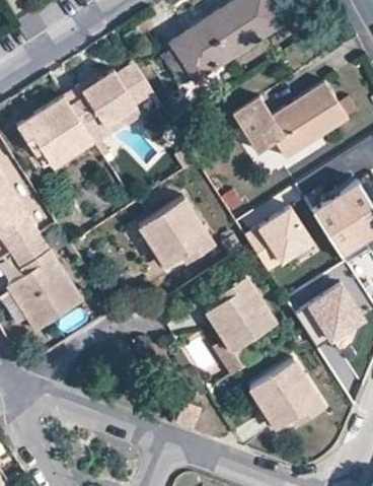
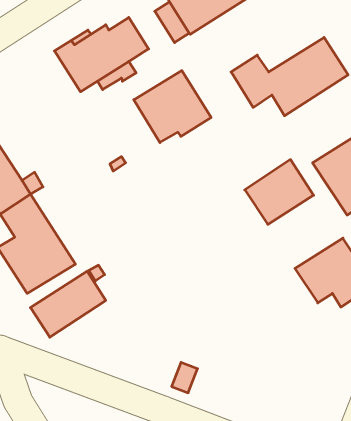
building: [15,97,91,169] -> none
building: [138,200,213,270] -> [134,71,211,143]
building: [205,272,276,372] -> none
building: none -> [30,271,106,337]
building: [246,355,324,426] -> none

